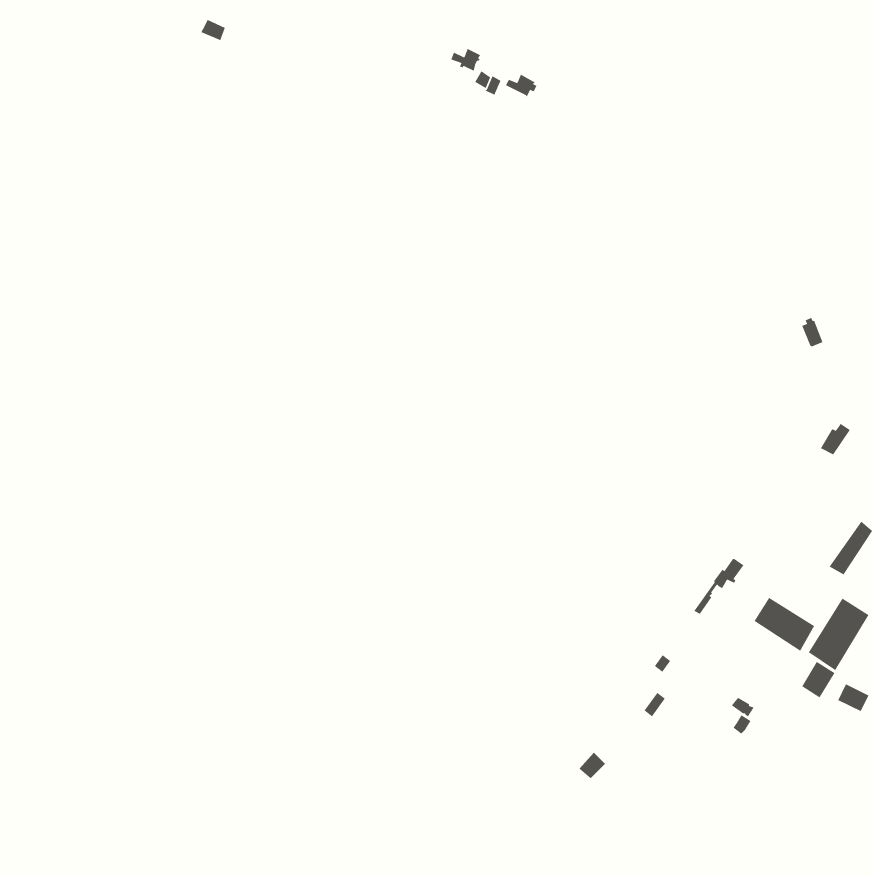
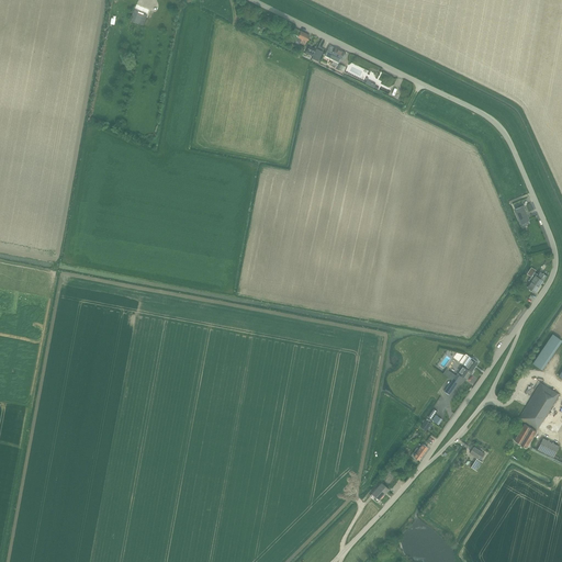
building: [753,597,815,652] -> none

